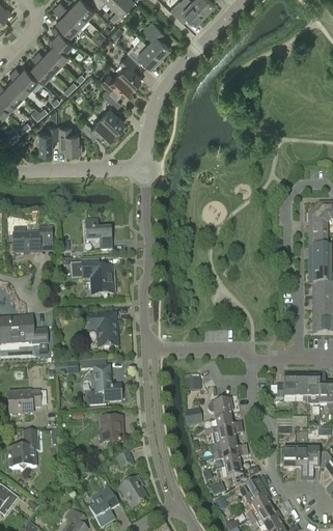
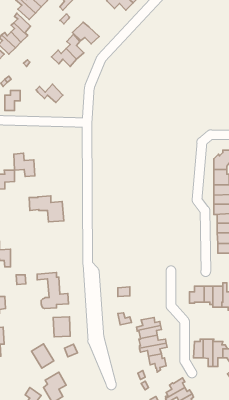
building: [143,19,170,54] -> none
building: [101,87,124,130] -> none
building: [59,125,81,149] -> none
building: [85,218,112,248] -> [14,153,35,177]
building: [87,311,118,345] -> none
building: [207,397,232,419] -> none
building: [118,476,147,507] -> [31,344,54,368]
building: [239,478,268,504] -> none

